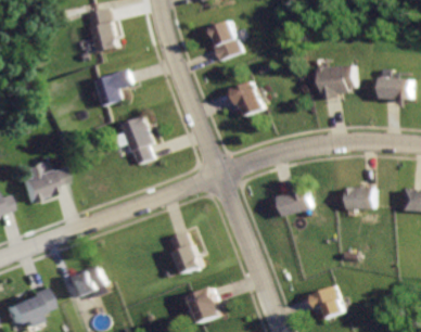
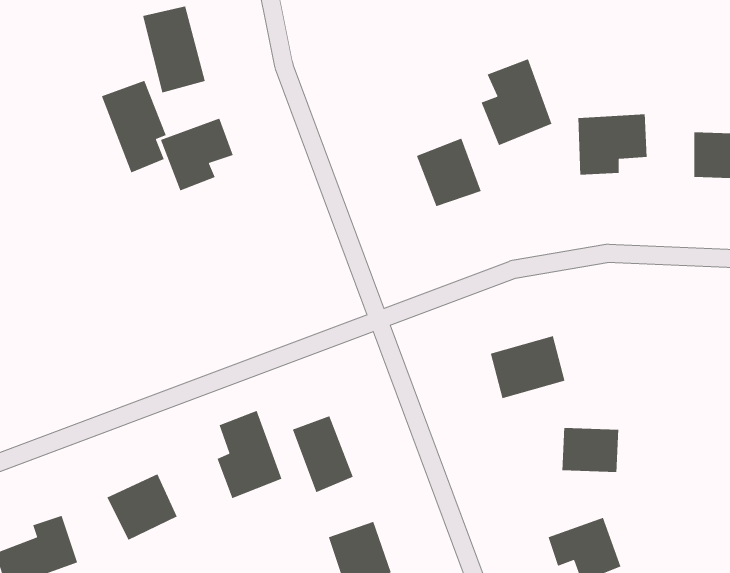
building: [210,16,250,64] -> [480,58,552,146]
building: [119,114,155,165] -> [101,80,167,174]
building: [14,162,64,202] -> none
building: [343,186,374,210] -> [561,427,619,473]
building: none -> [217,410,283,499]

